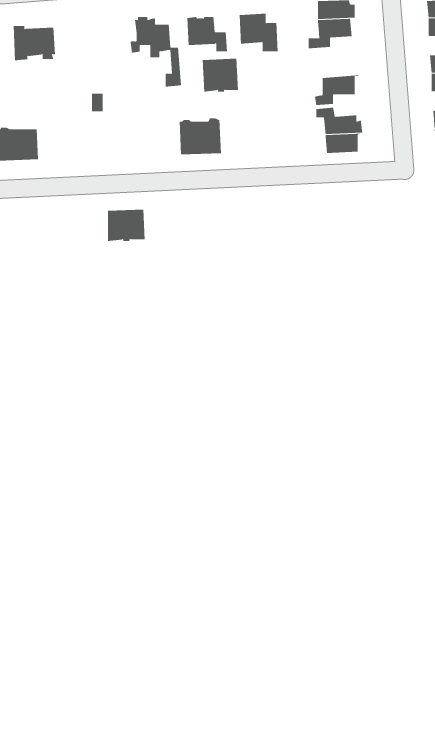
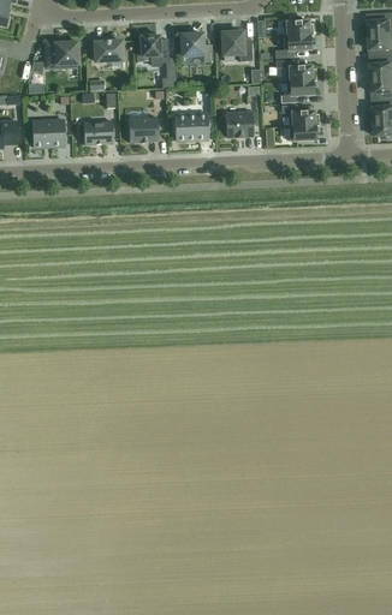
building: none -> [94,37,123,60]
building: none -> [275,59,315,80]
building: [202,58,239,92] -> [225,111,254,137]
building: none -> [78,120,113,144]
building: [107,209,146,241] -> [129,117,159,142]

